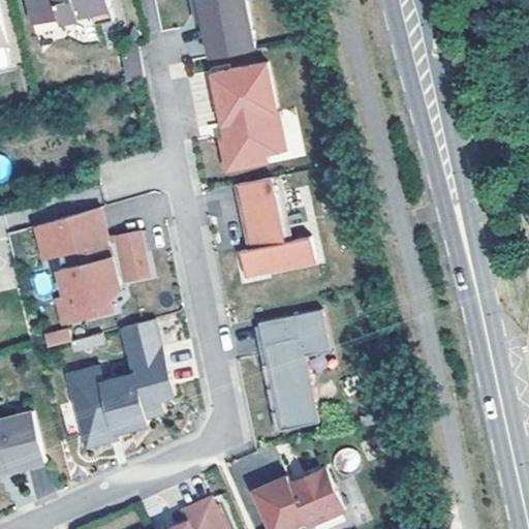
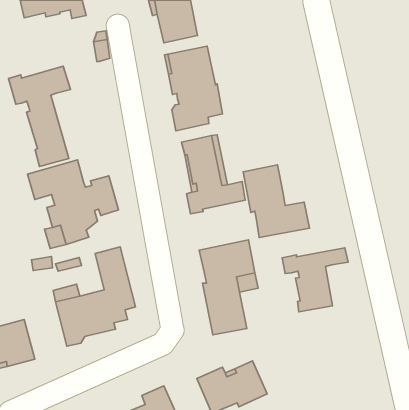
building: none -> [8,66,71,166]
building: none -> [243,165,309,237]
building: none -> [282,248,348,312]

